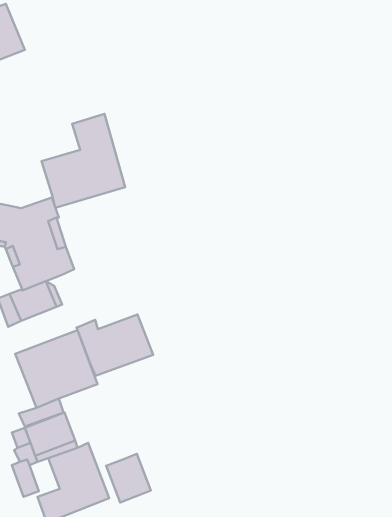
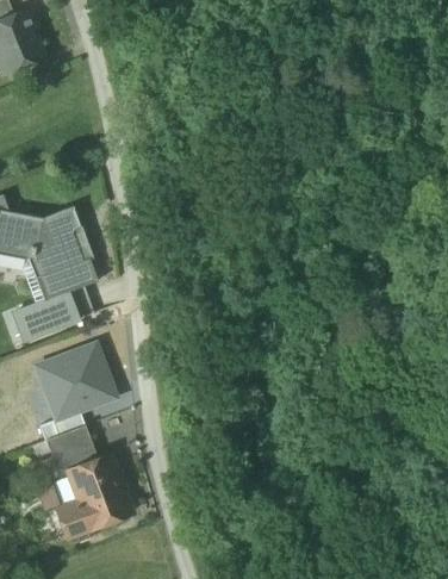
building: [41,114,125,208] -> none
building: [76,315,153,376] -> none
building: [106,454,151,503] -> none

